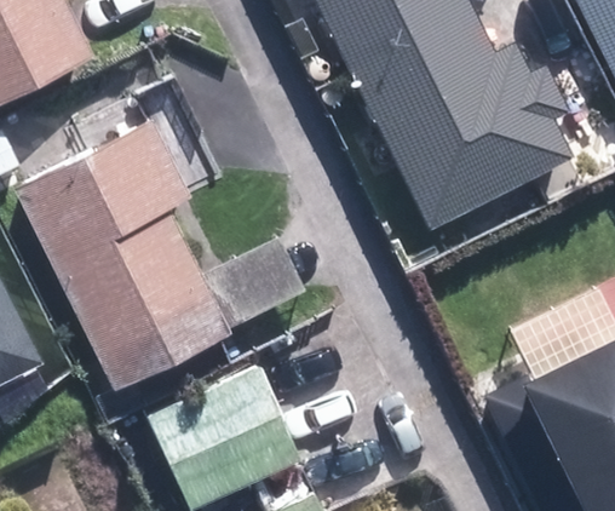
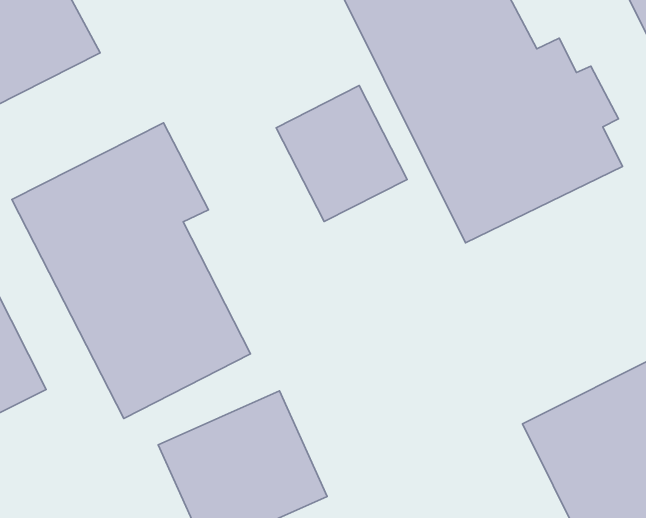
building: none -> [276,86,407,222]

